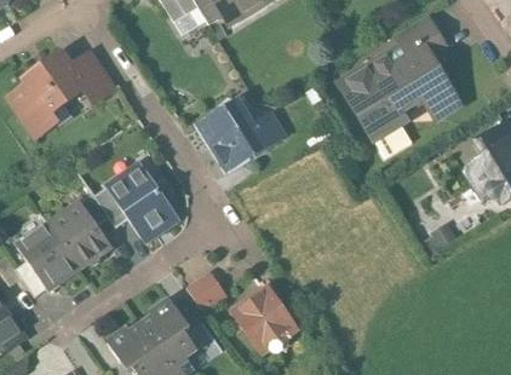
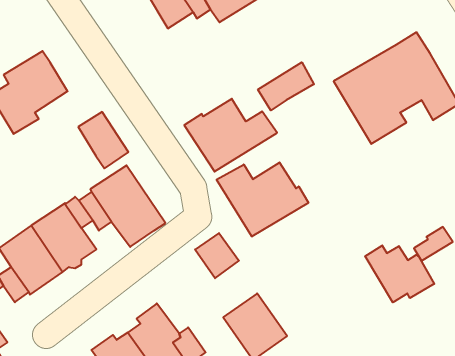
building: [395,15,448,54] -> none
building: [67,48,115,103] -> [78,112,128,168]
building: none -> [258,62,314,110]
building: none -> [217,162,308,237]
building: none -> [365,245,434,302]
building: [186,269,229,312] -> [195,233,239,278]

